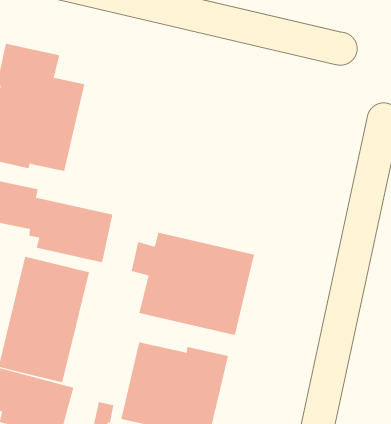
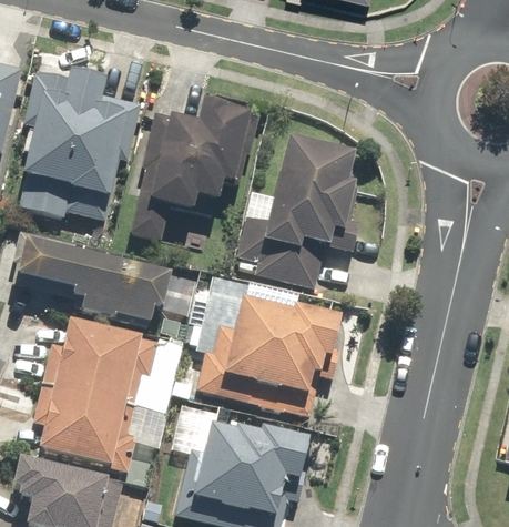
building: none -> [133,100,248,236]
building: none -> [241,138,353,287]

